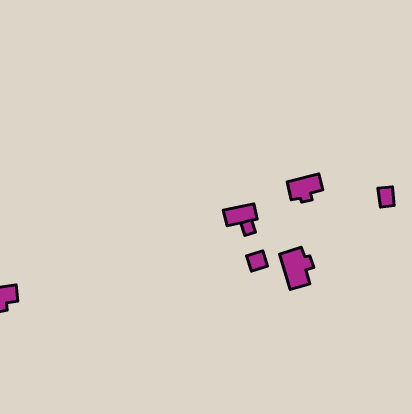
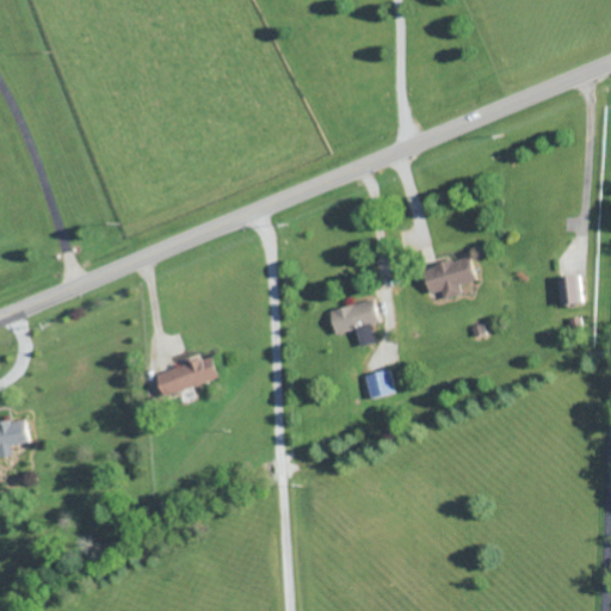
building: none -> [156,353,226,396]
building: [280,247,314,290] -> none

